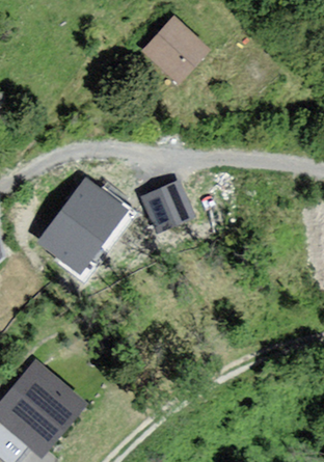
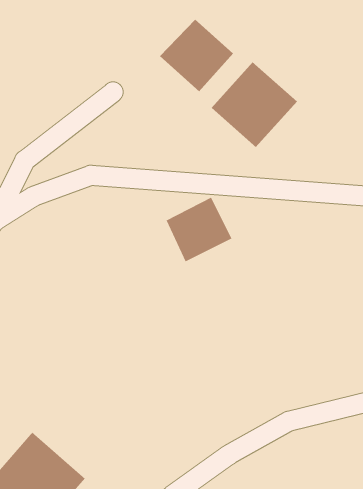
building: none -> [211,61,298,148]
building: [45,186,123,268] -> none

